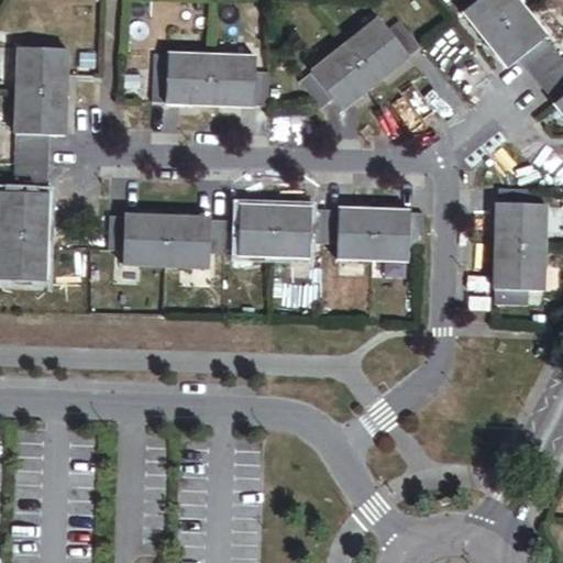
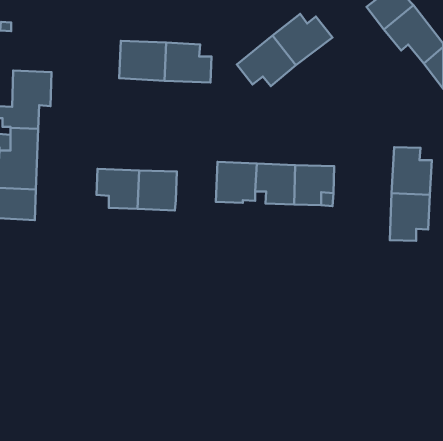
building: [16,46,67,91] -> none
building: [222,203,275,255] -> none

